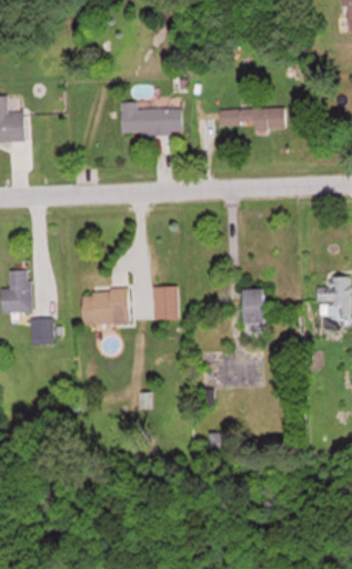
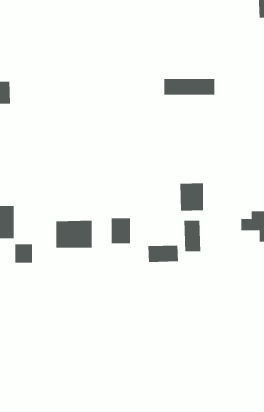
building: [120,103,181,134] -> none
building: none -> [180,182,204,211]
building: none -> [148,245,178,263]

